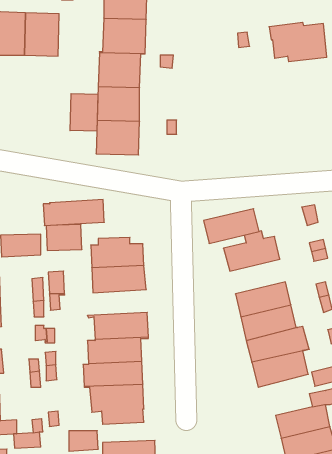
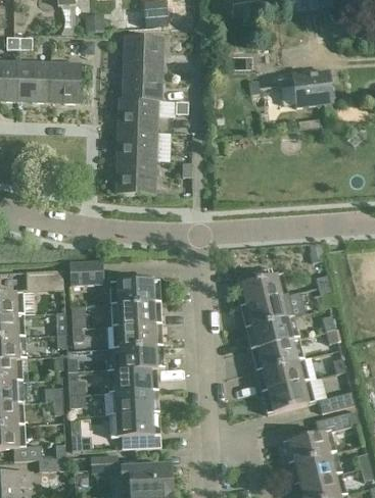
building: [70,94,98,131] -> none
building: [43,200,104,226] -> [106,322,163,347]
building: [204,209,259,243] -> [241,294,293,327]

